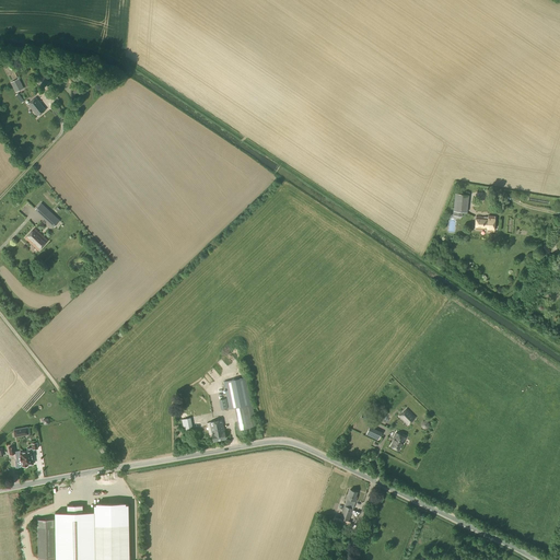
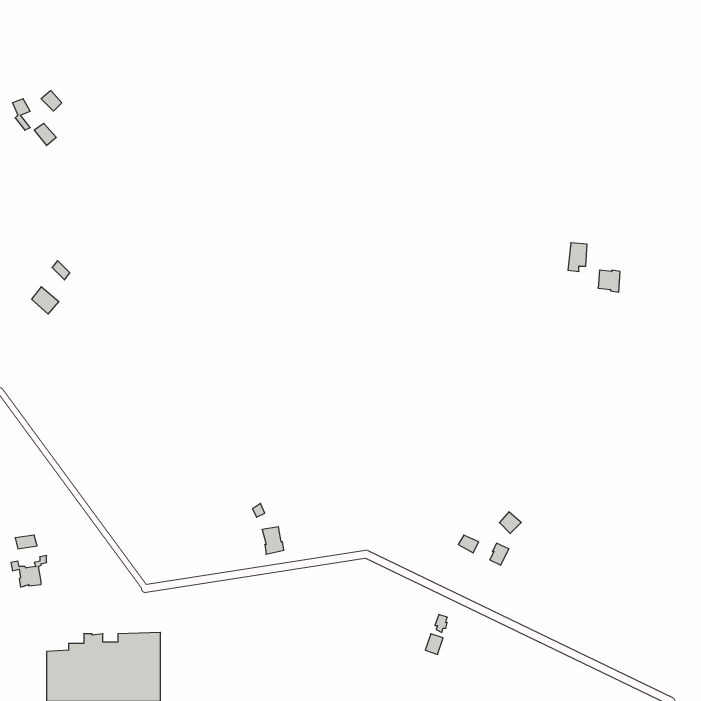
building: [223,377,256,430] -> none

